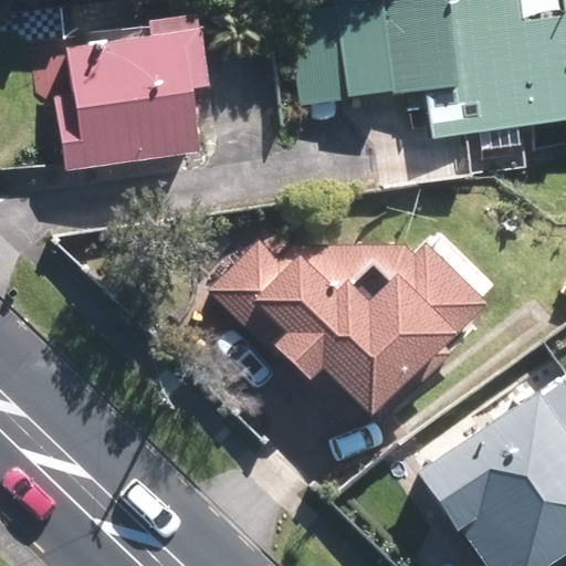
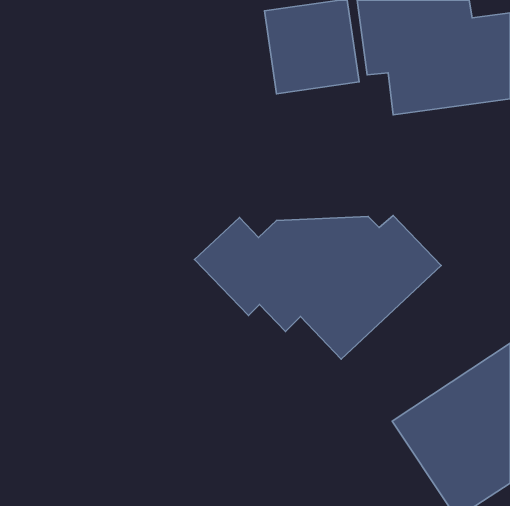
building: [54,28,209,168] -> none

